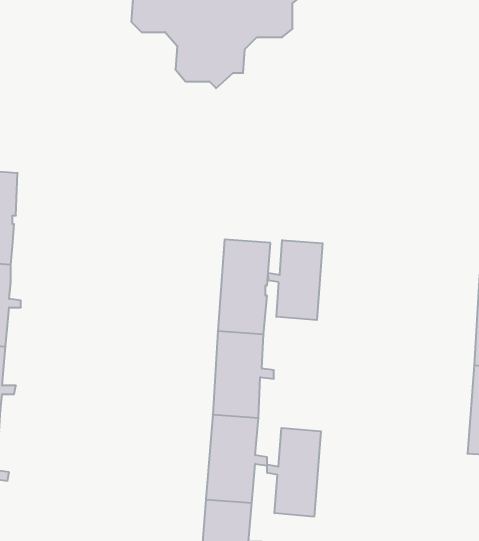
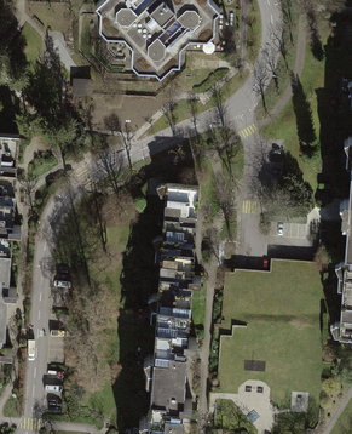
building: [268,240,323,320] -> none
building: [267,428,321,517] -> none

